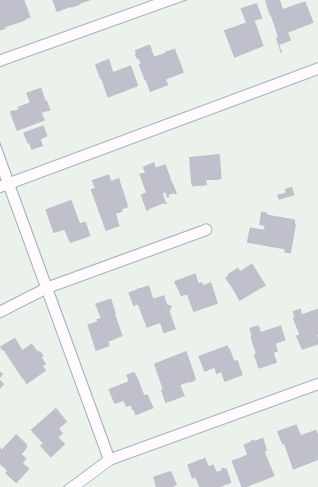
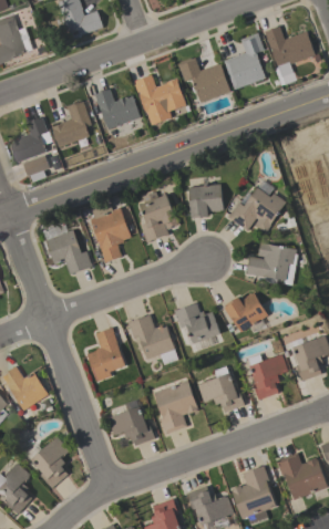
building: none -> [178,58,230,102]
building: none -> [52,101,92,147]
building: none -> [228,187,287,234]

